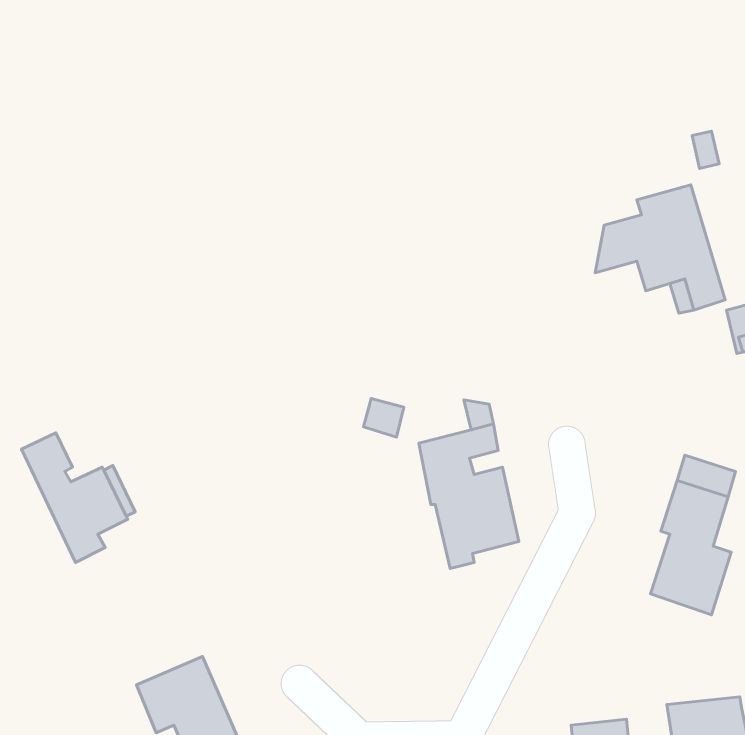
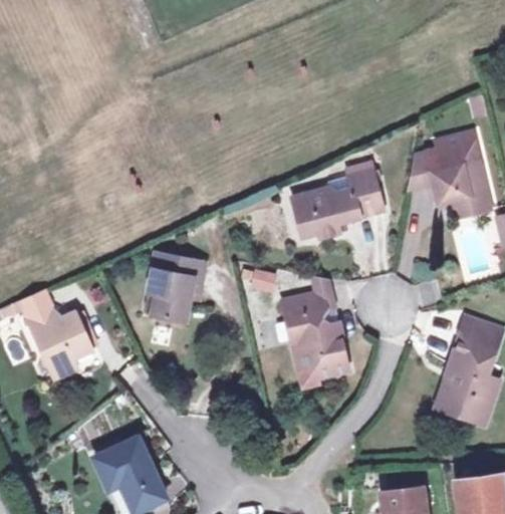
building: none -> [296,168,386,238]
building: none -> [149,253,206,321]

